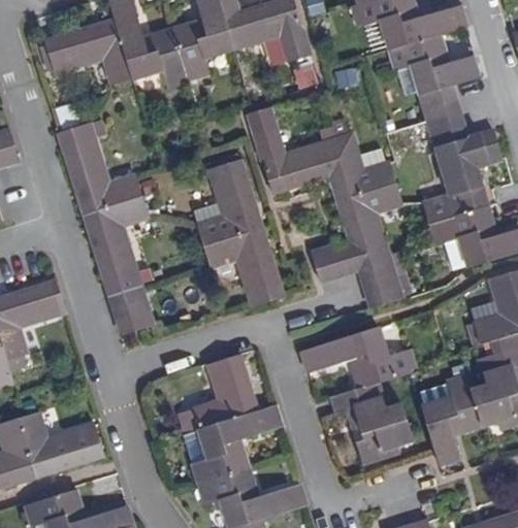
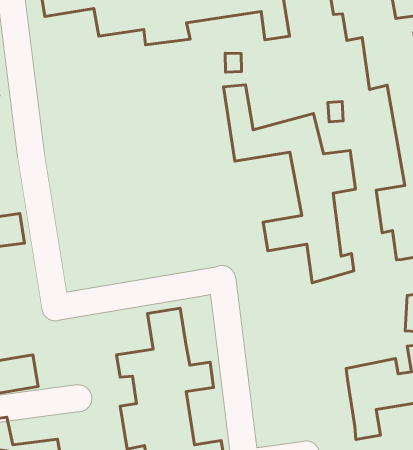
building: [59,124,155,336] -> none
building: [198,155,282,307] -> none
building: [301,327,419,463] -> none

